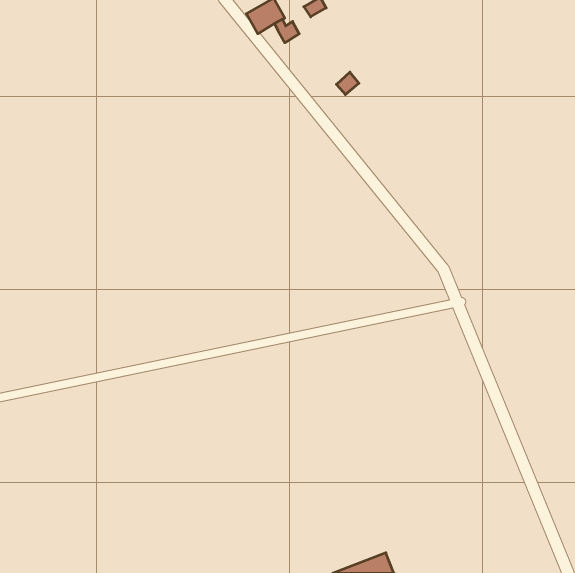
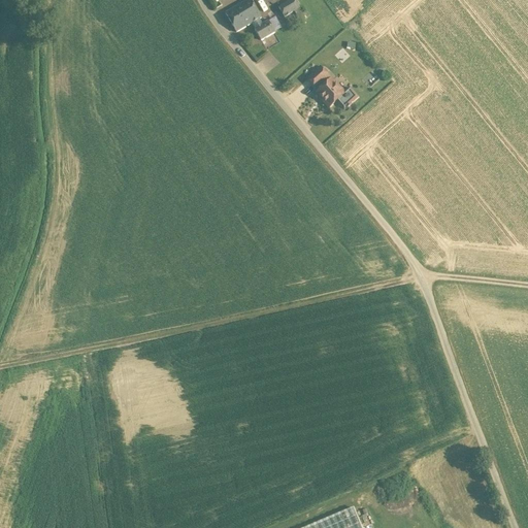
building: none -> [318,79,358,108]

